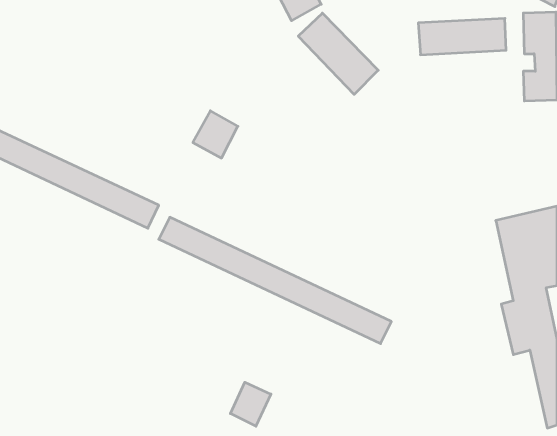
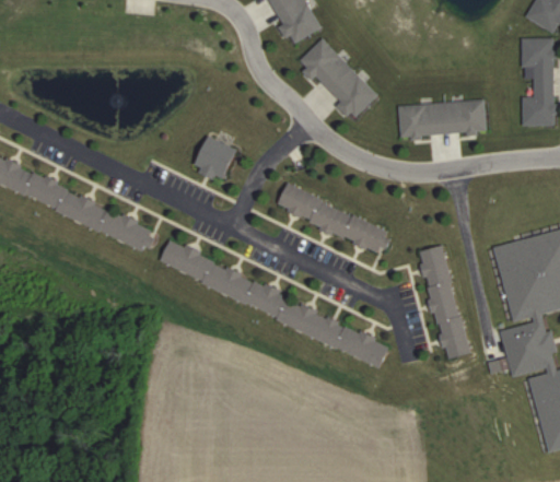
building: [418,18,506,55] -> [398,101,486,137]
building: none -> [276,186,388,252]
building: none -> [419,245,469,360]
building: [230,382,271,426] -> none

